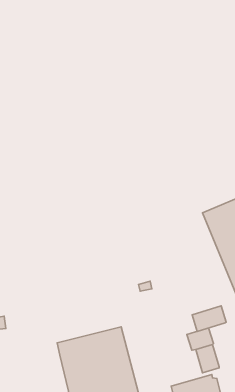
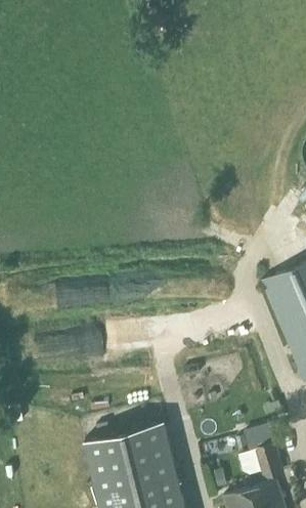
building: [192,306,226,331] -> none

